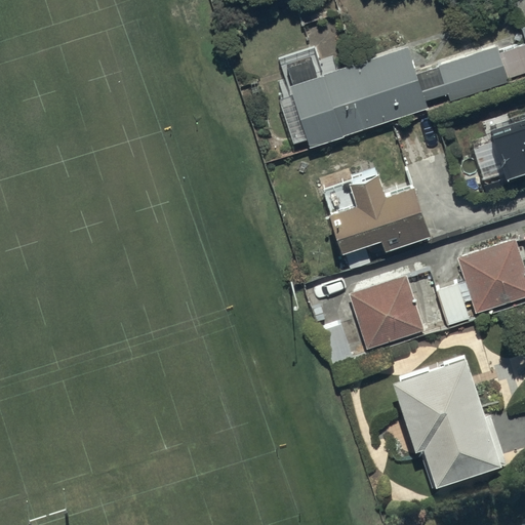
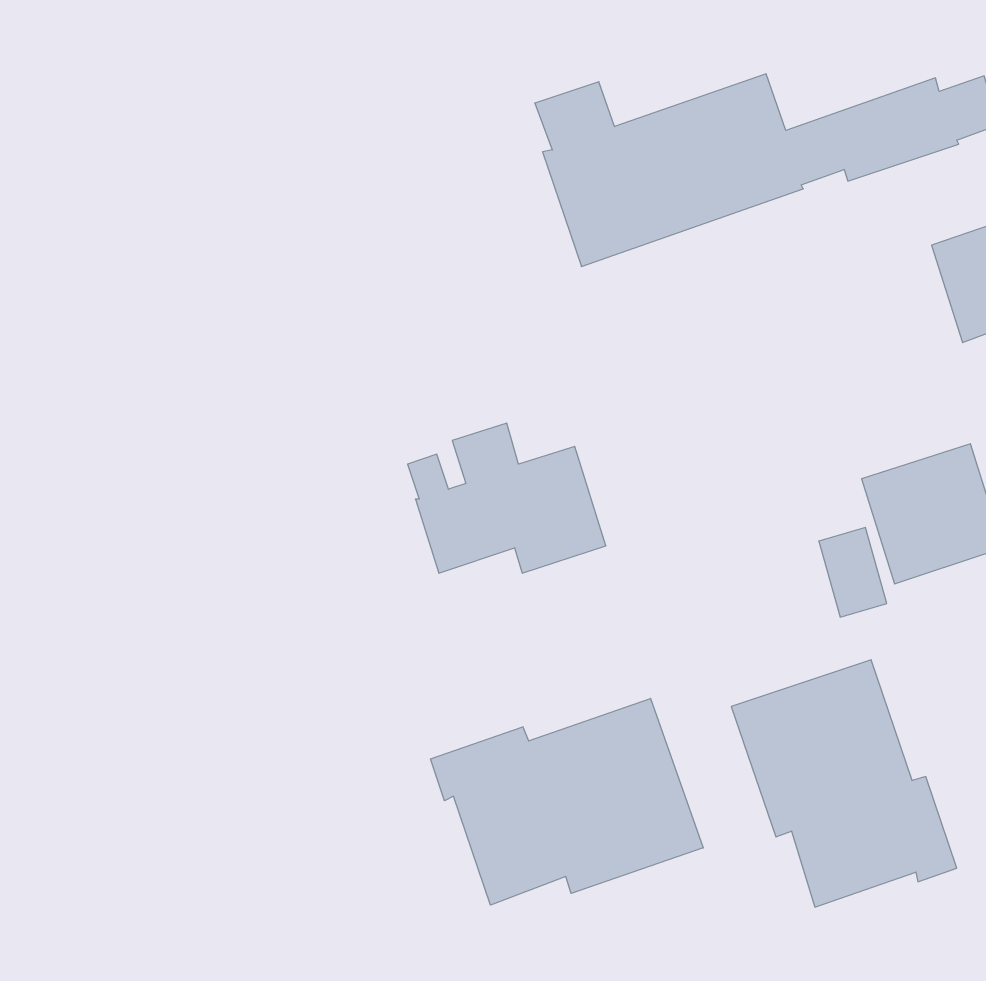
building: [323,172,428,251] -> [408,423,606,573]
building: [349,277,423,350] -> none
building: none -> [430,698,703,905]

